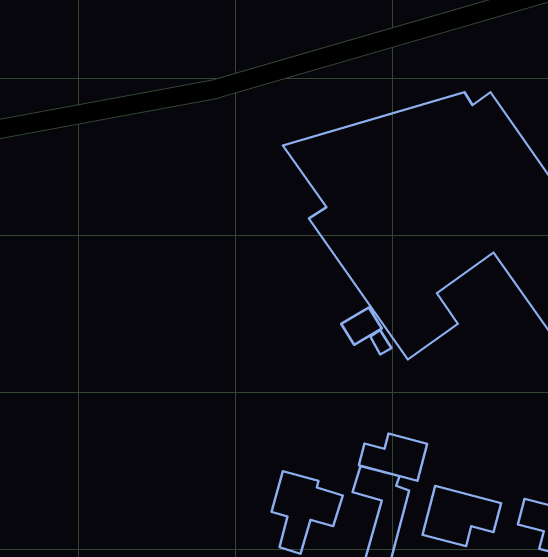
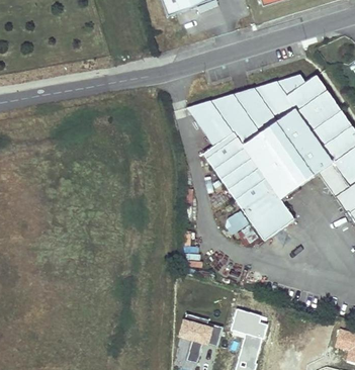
building: [359,434,427,481] -> none
building: [423,486,501,546] -> none

